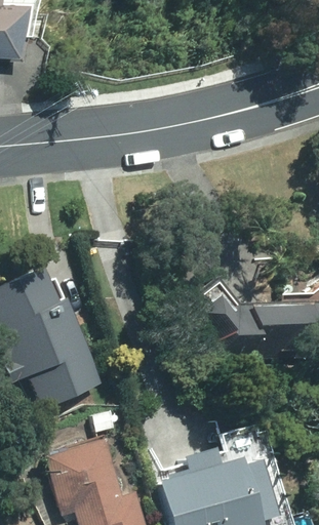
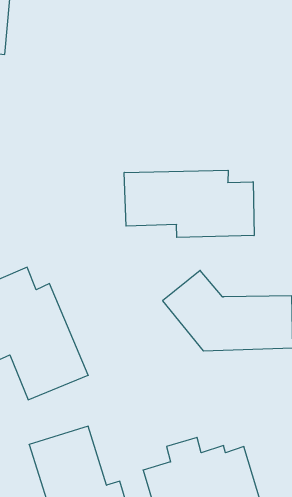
building: none -> [124,170,254,237]

